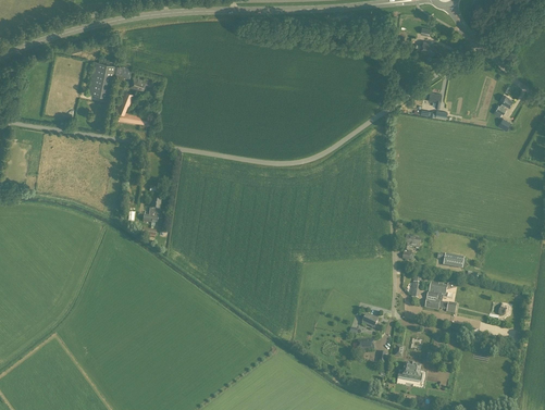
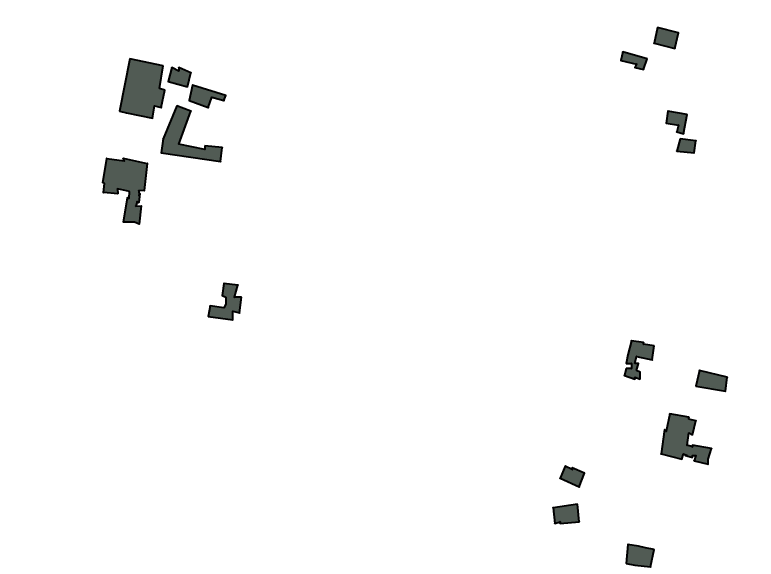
building: none -> [103,158,147,224]

